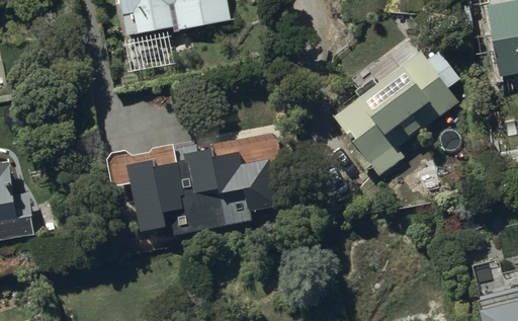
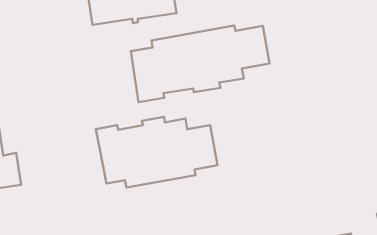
building: none -> [131,26,269,102]
building: [337,53,461,176] -> none

